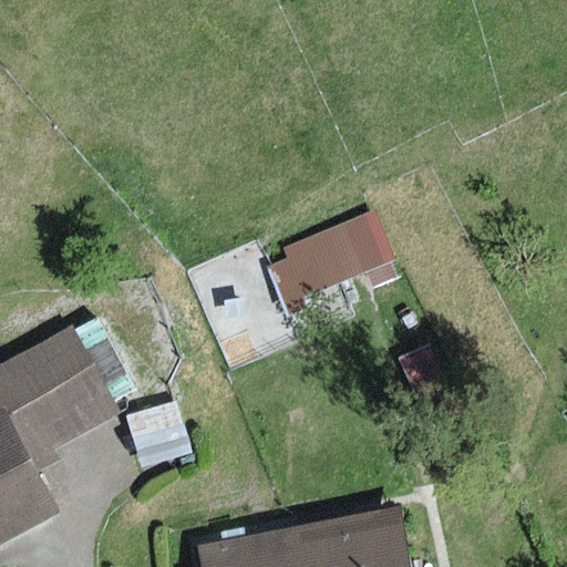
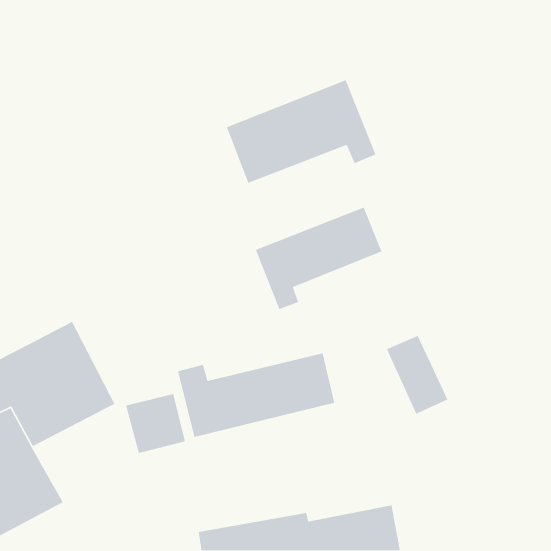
building: none -> [226,79,376,184]
building: none -> [177,353,335,438]

